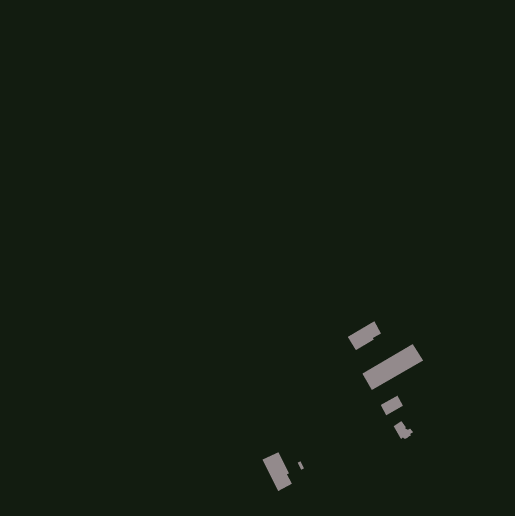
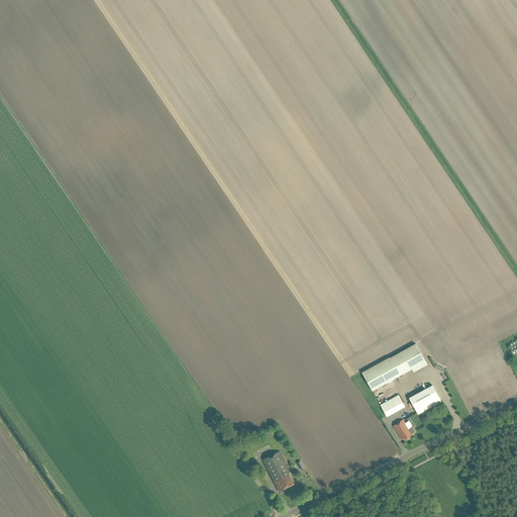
building: [347,320,382,351] -> none
building: none -> [409,386,440,414]

